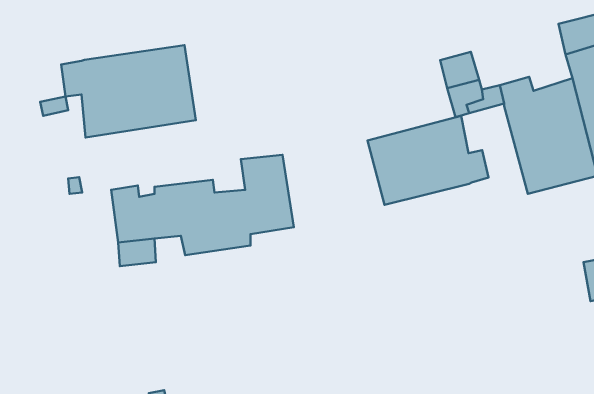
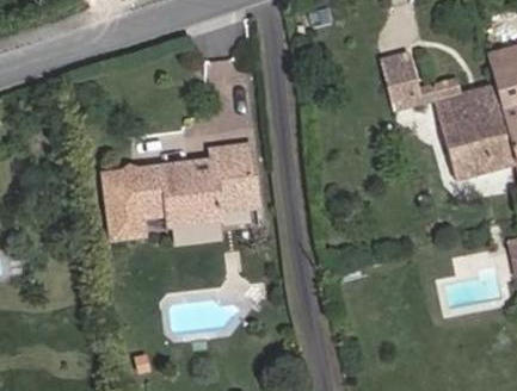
building: [61,45,196,137] -> none
building: [368,116,489,205] -> none

